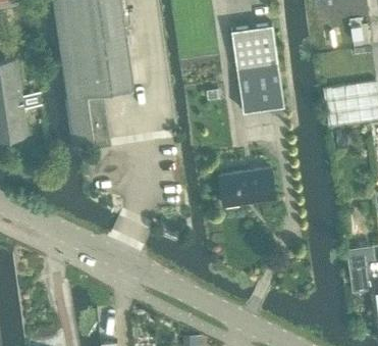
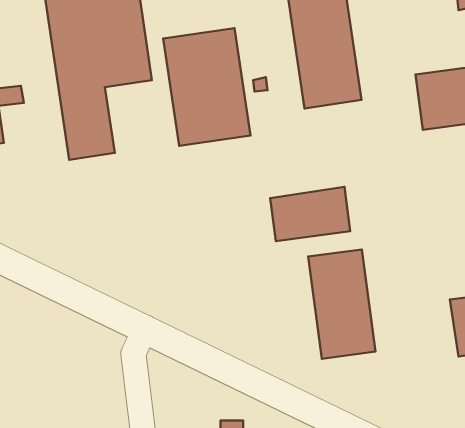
building: none -> [163,28,250,146]
building: none -> [308,249,376,359]

